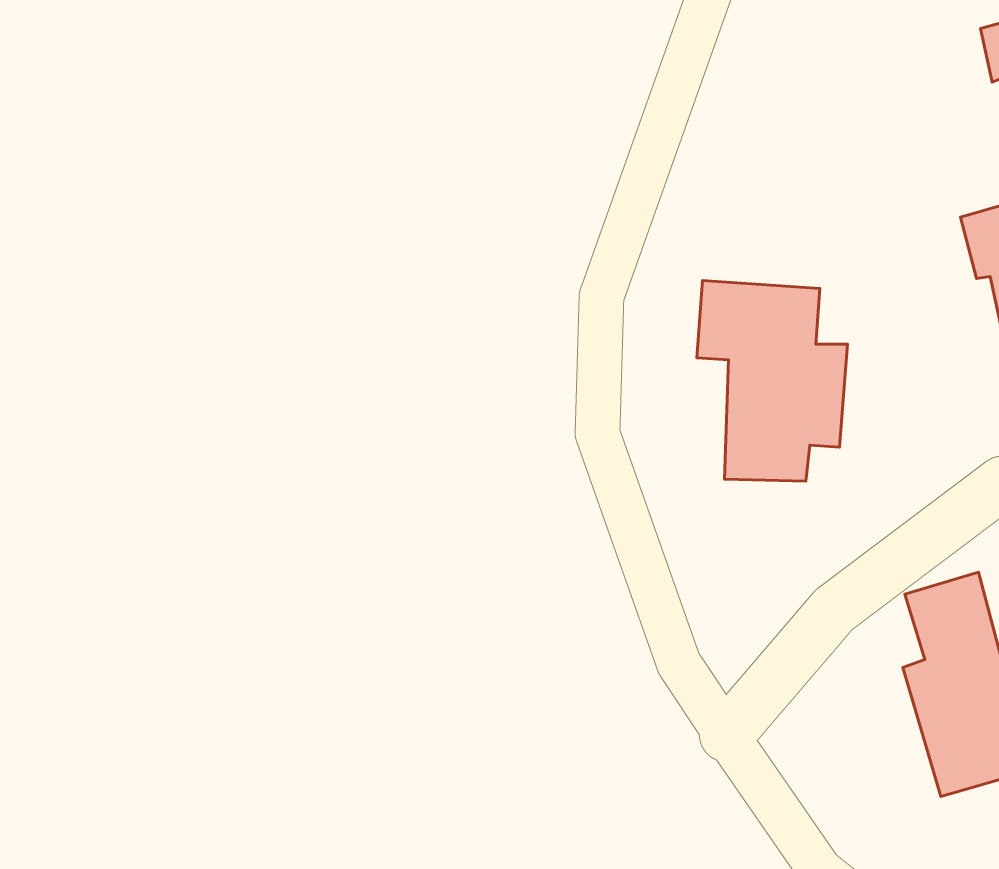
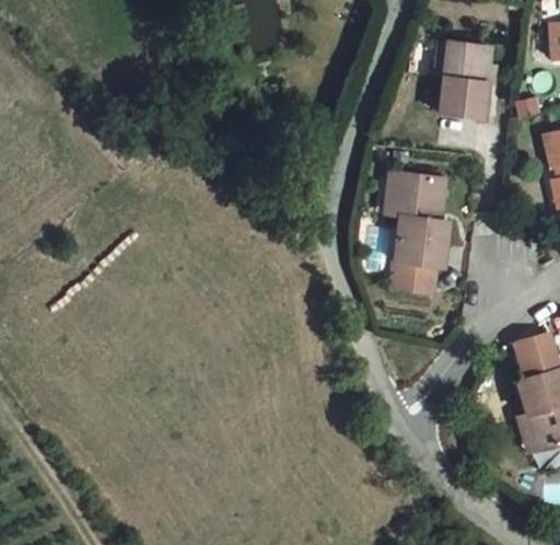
building: none -> [457,44,503,117]

